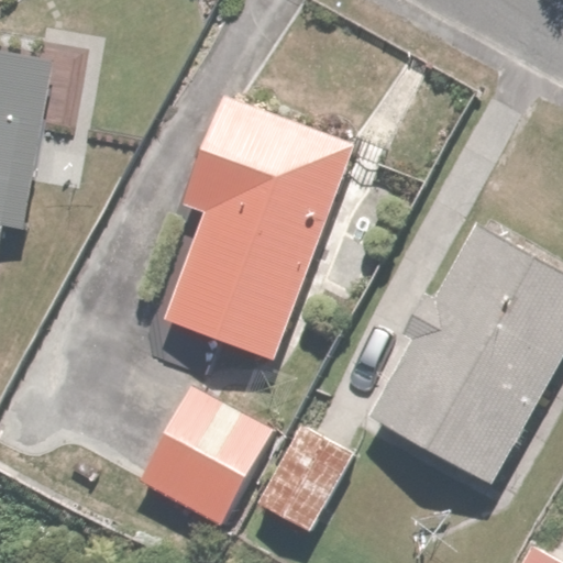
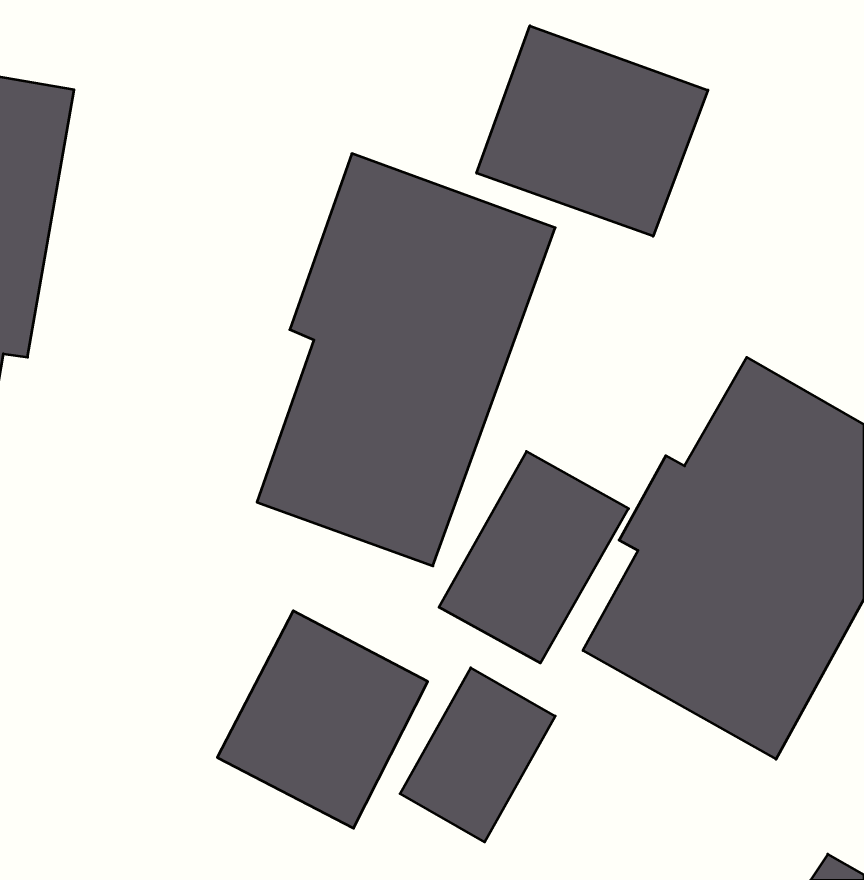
building: none -> [477,26,708,236]
building: none -> [439,451,629,663]

